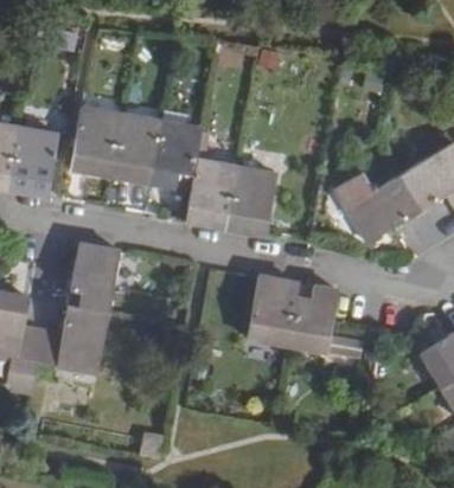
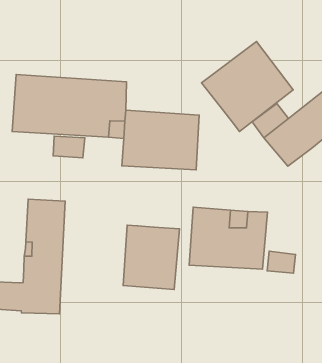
building: none -> [201,42,293,132]
building: none -> [123,225,179,290]

